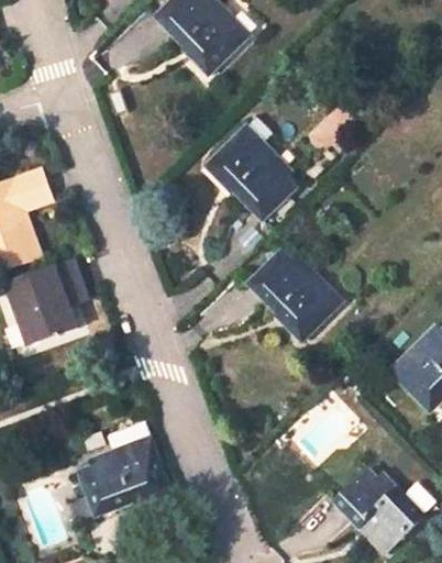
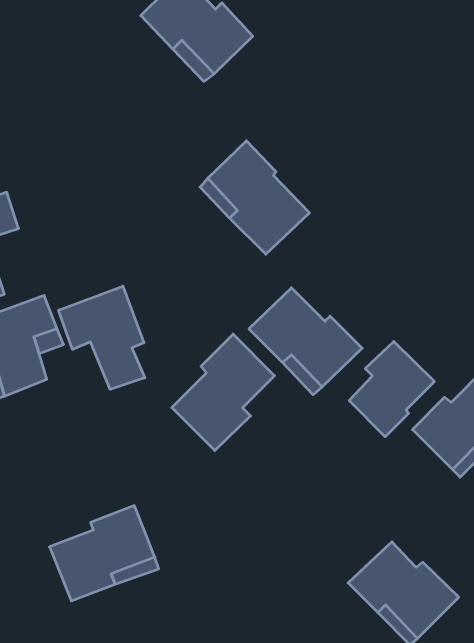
building: none -> [59,286,145,389]
building: none -> [172,334,275,451]
building: none -> [349,341,434,437]

